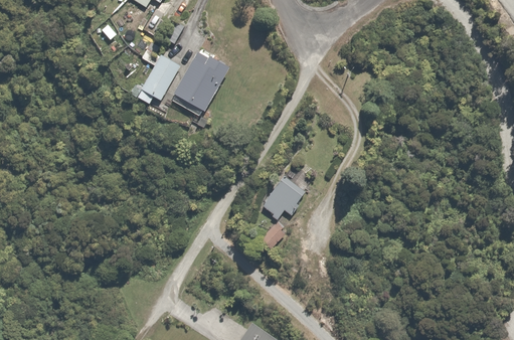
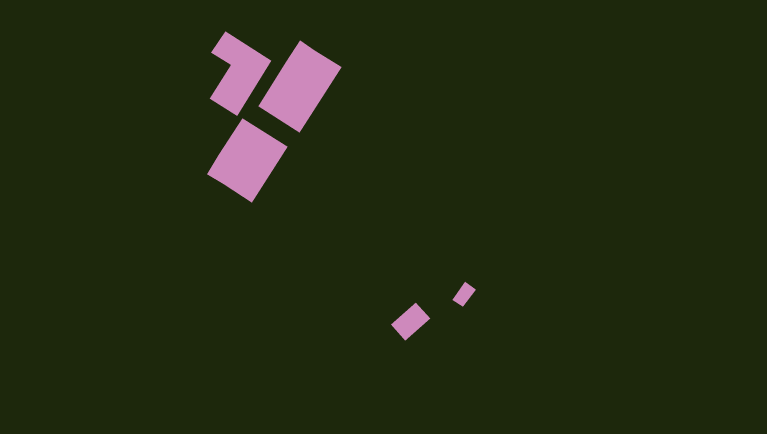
building: none -> [206,117,289,204]
building: [261,177,304,219] -> none

